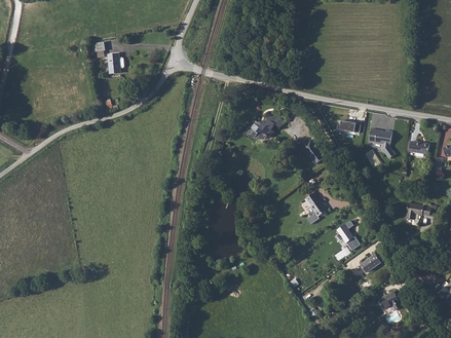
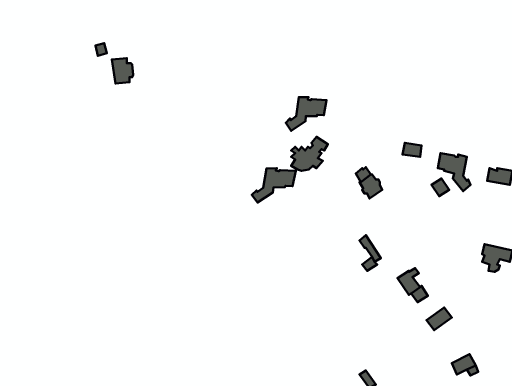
building: none -> [286,97,327,131]
building: none -> [252,168,296,203]

